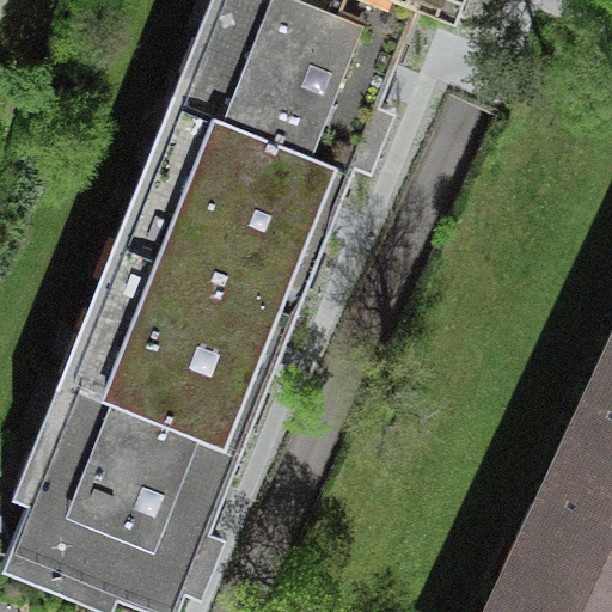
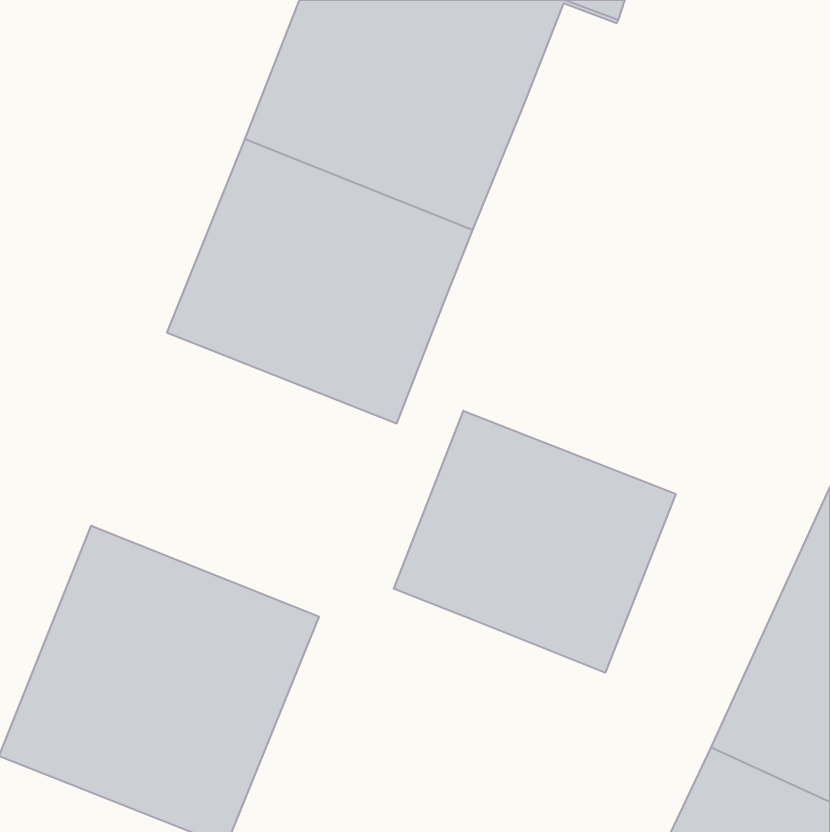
building: [66,250,287,455] -> none
building: none -> [394,411,676,673]

